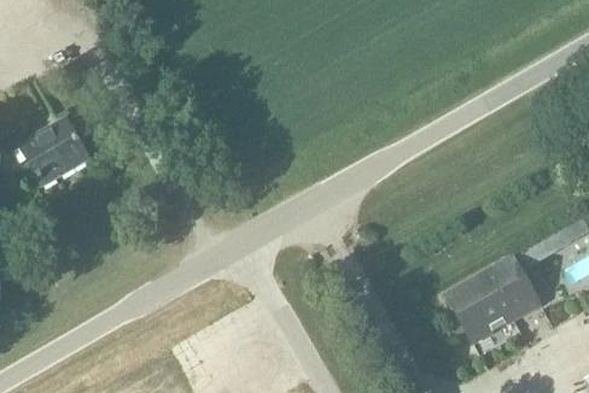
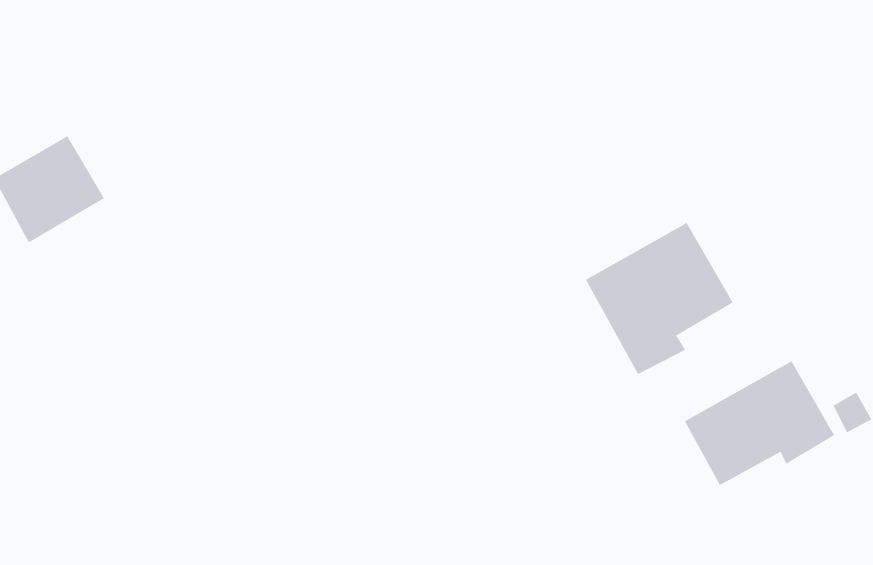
building: none -> [585,222,733,375]

